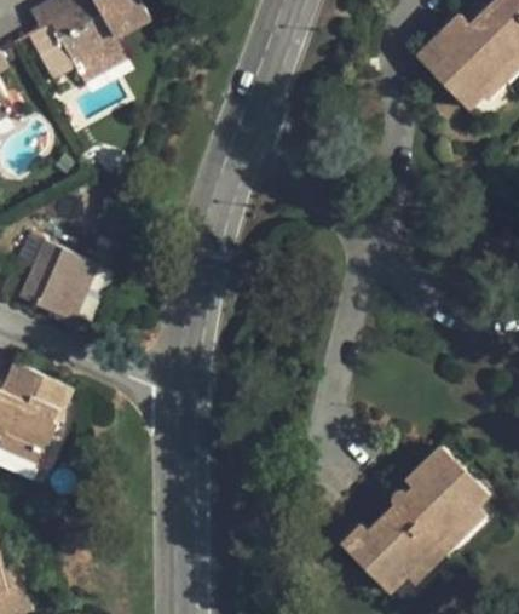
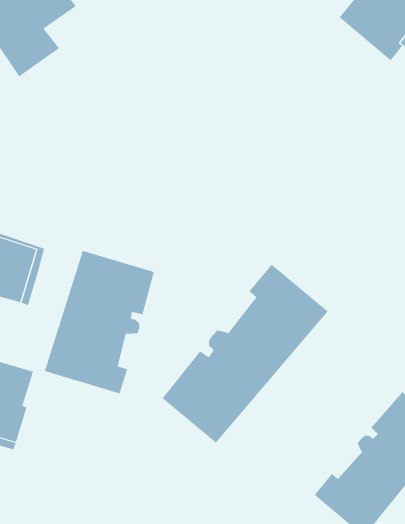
building: none -> [44,250,154,394]
building: none -> [162,264,328,443]

